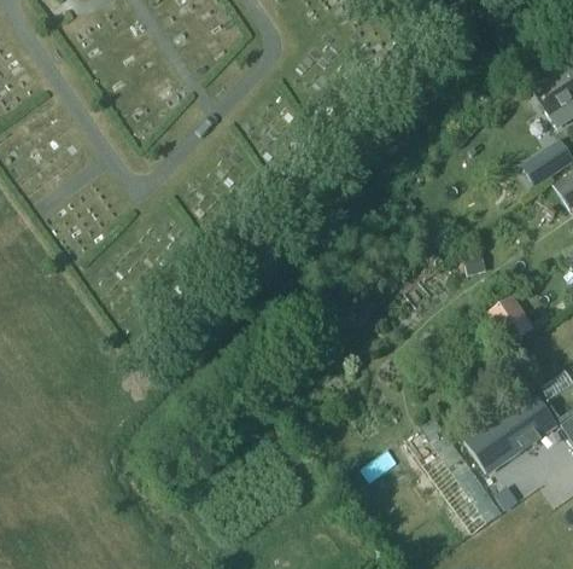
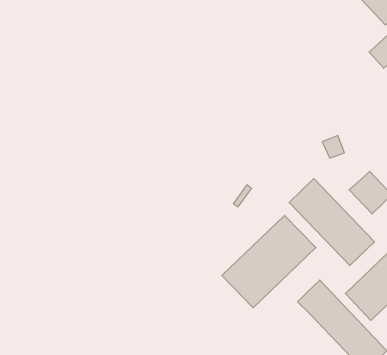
building: none -> [289,179,374,266]
building: none -> [222,215,316,308]

